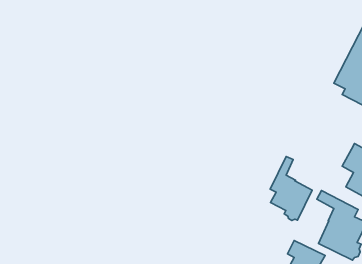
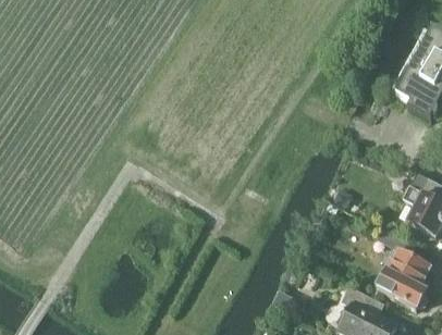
building: [270,156,312,221] -> none

